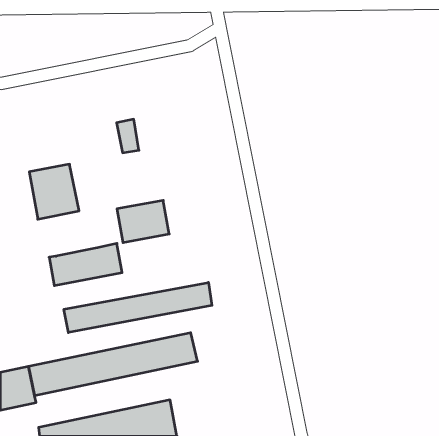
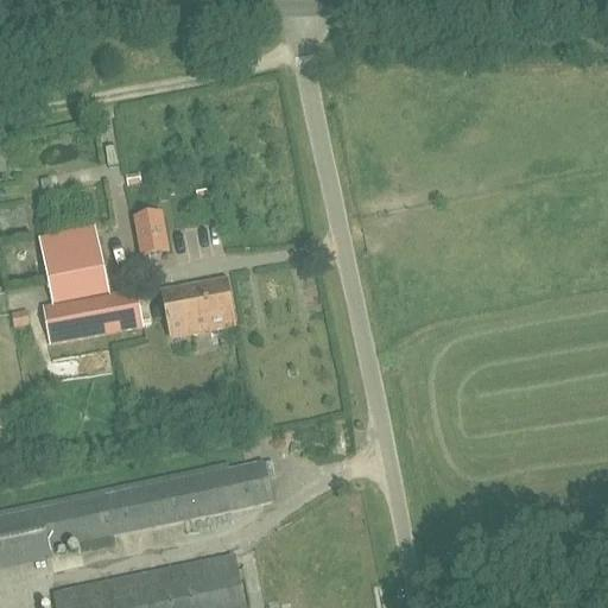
building: [117,119,139,153] -> [137,213,167,259]
building: [49,243,122,286] -> [43,285,144,343]
building: [64,282,212,333] -> none

